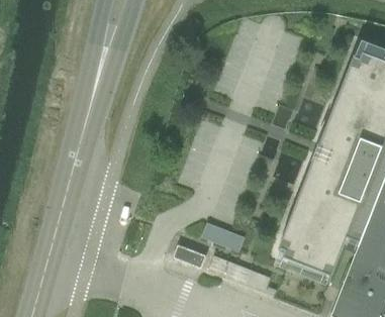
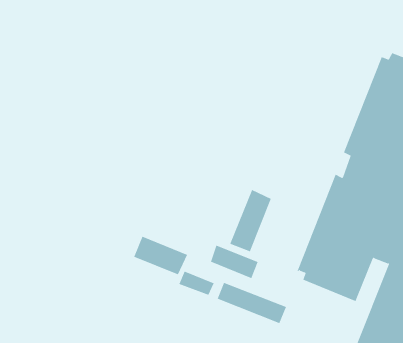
building: none -> [230,189,271,252]
building: none -> [133,236,188,275]

